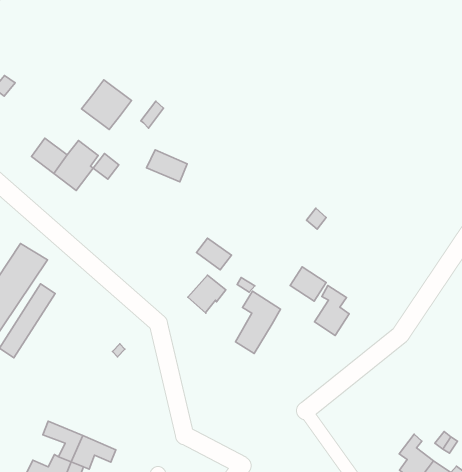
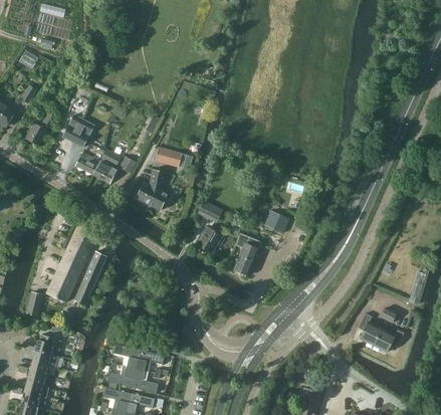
building: [81,80,132,130] -> [62,115,95,148]
building: none -> [136,169,169,210]
building: [314,285,349,335] -> none

